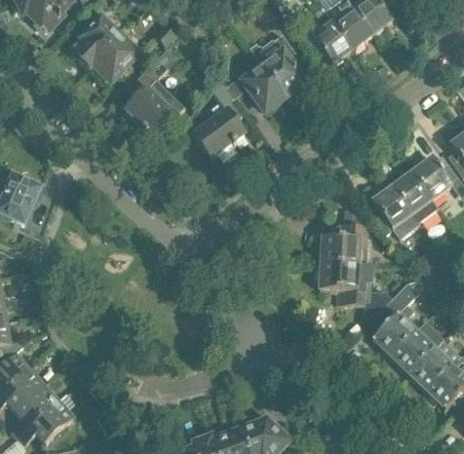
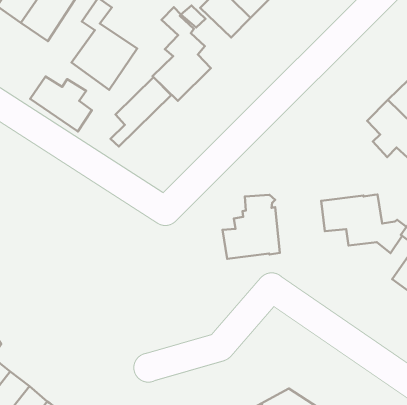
building: none -> [30,76,92,132]
building: none -> [111,77,171,147]
building: [320,211,370,264] -> [223,195,280,259]

